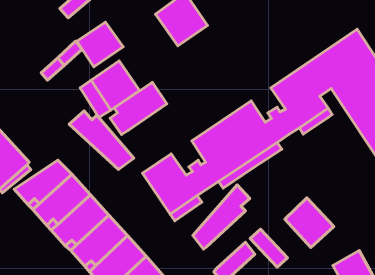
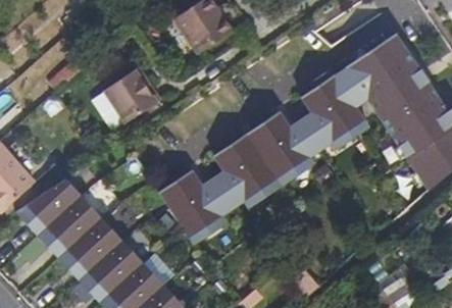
building: [77,22,123,67] -> none
building: [110,83,167,134] -> none
building: [69,111,134,170] -> none
building: [193,185,250,249] -> none
building: [285,198,334,248] -> none

